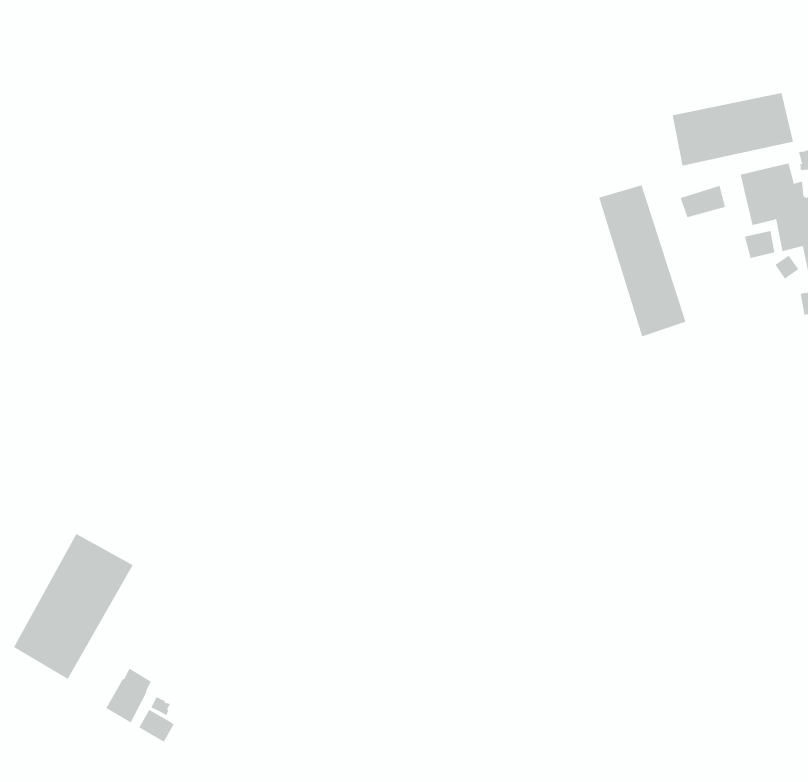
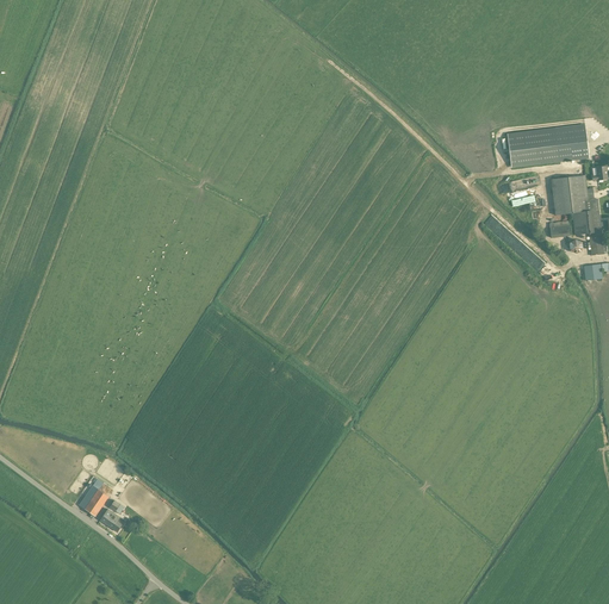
building: [598,185,686,337] -> none
building: [13,533,134,680] -> none

